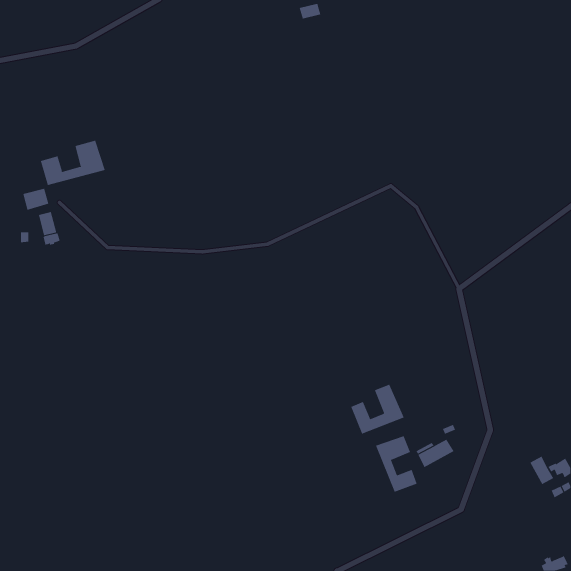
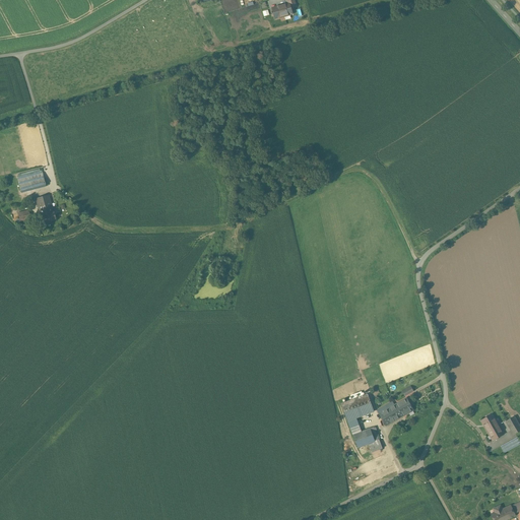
building: [40,140,105,186] -> none
building: [350,384,404,435] -> none

